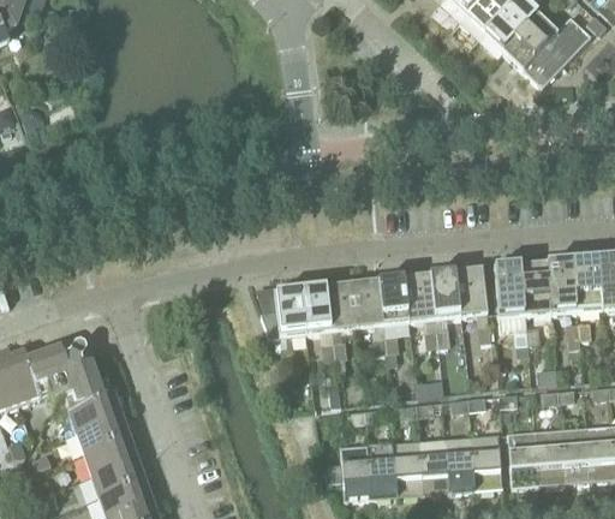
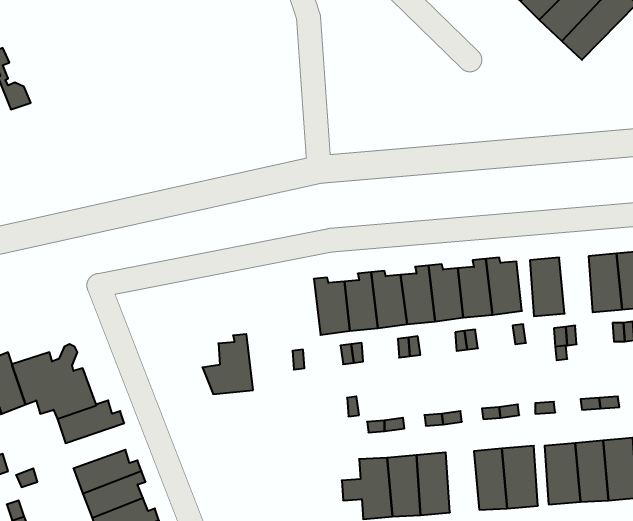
building: [520,262,550,314] -> none
building: [259,282,305,336] -> [202,334,253,394]
building: [76,412,132,453] -> none
building: [418,437,448,493] -> none

